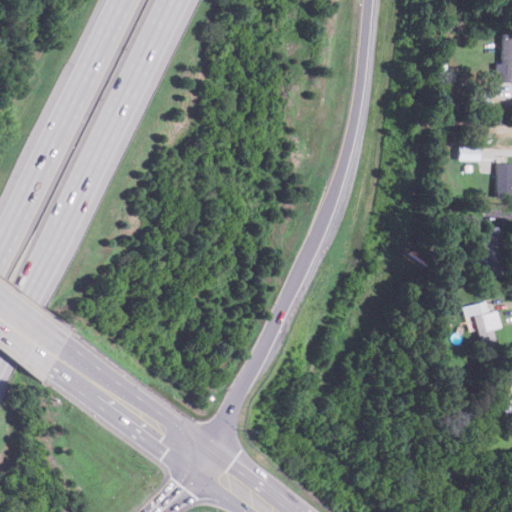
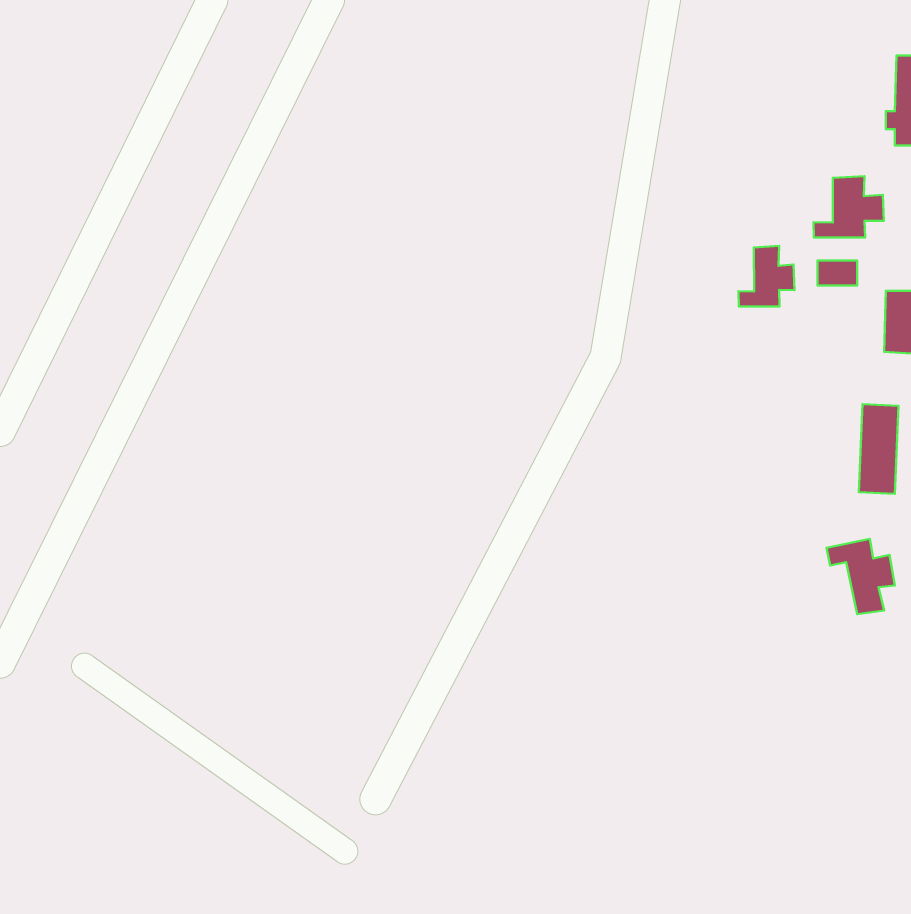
building: none -> [814,176,884,238]
building: none -> [739,246,795,306]

